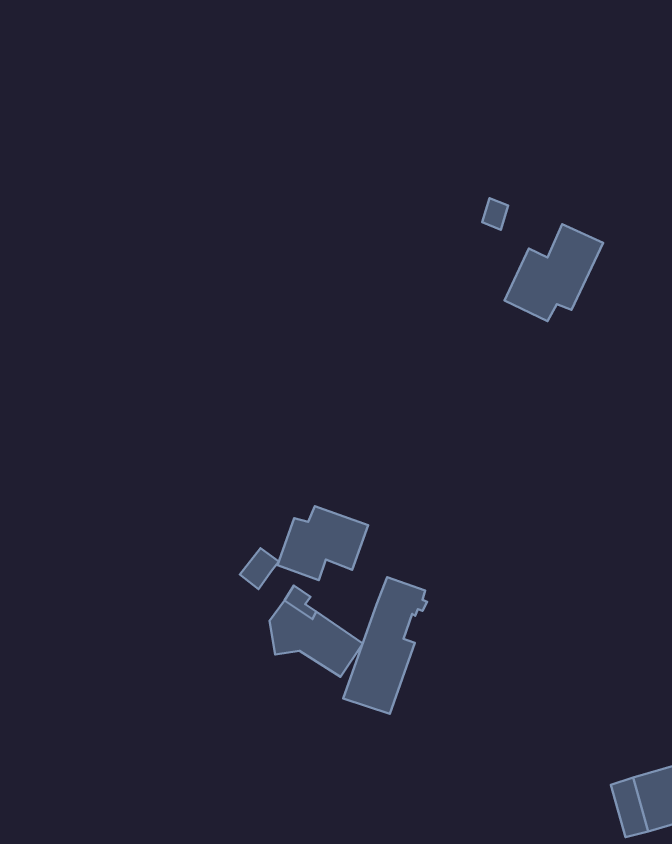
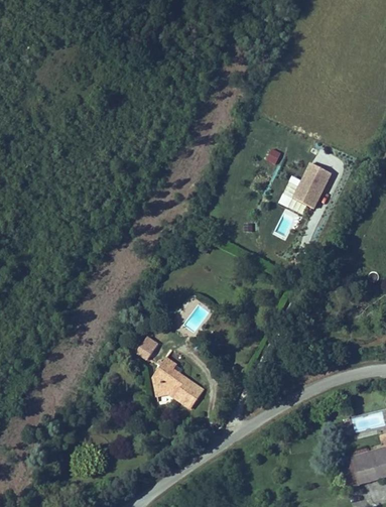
building: [278,506,368,580] -> none
building: [343,577,427,714] -> none

